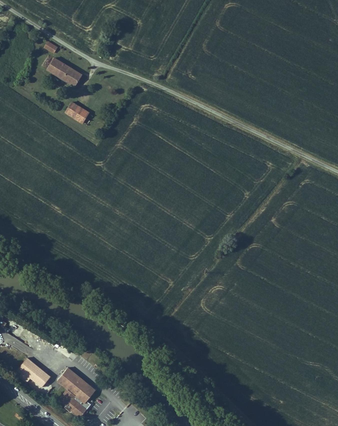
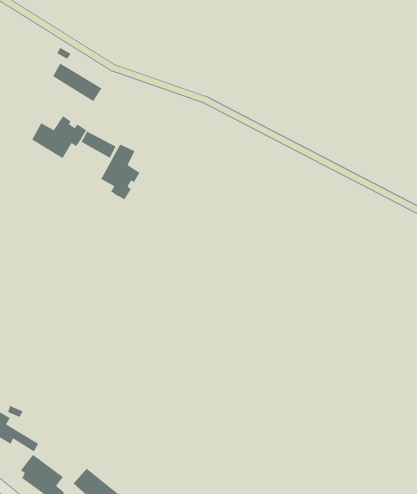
building: none -> [31,115,87,159]
building: none -> [100,143,140,200]

